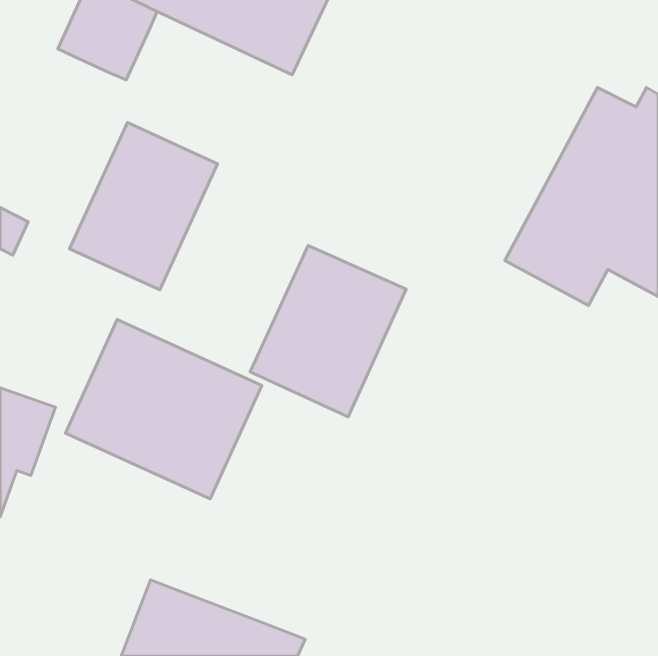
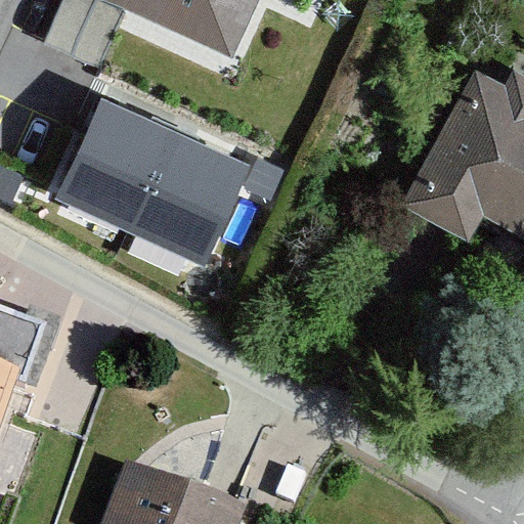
building: [250,245,406,417] -> [127,130,251,266]
building: [65,320,262,499] -> none

